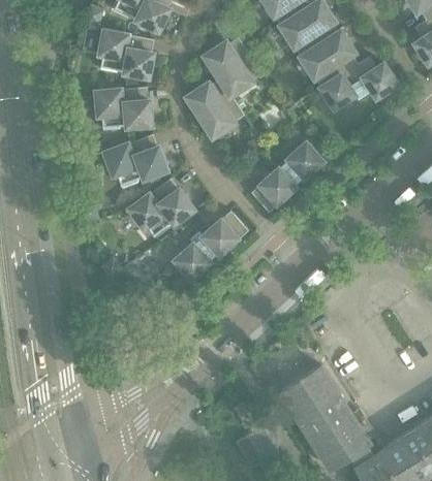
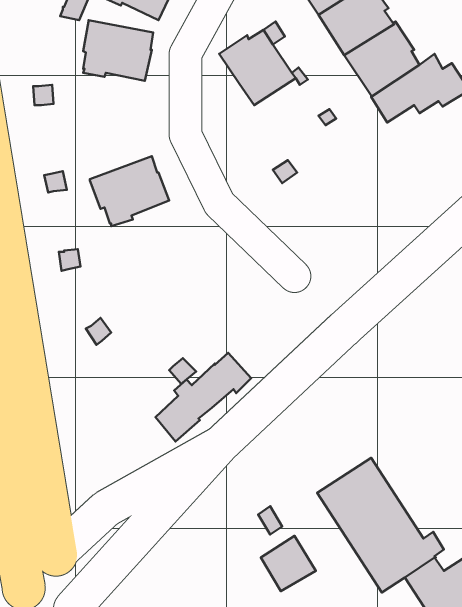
building: [186,79,244,137] -> none
building: [95,88,150,132] -> none
building: [250,143,321,214] -> none
building: [129,180,192,239] -> none
building: [175,212,248,280] -> [155,353,251,442]

